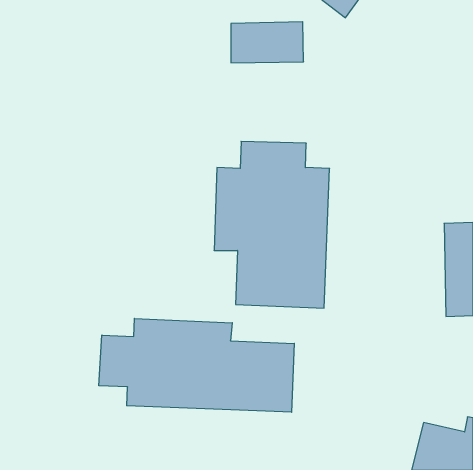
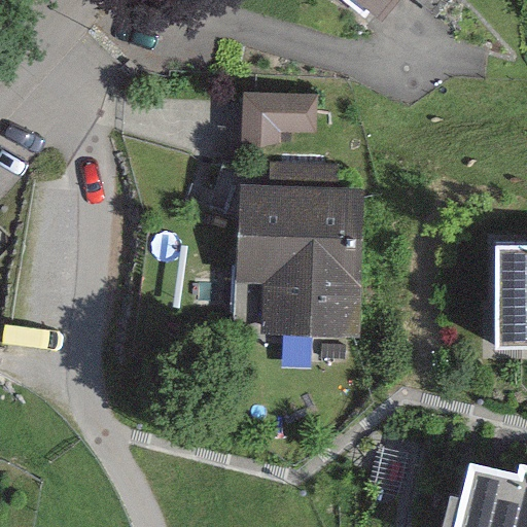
building: [231,22,304,63] -> [247,93,327,138]
building: [99,318,294,412] -> none

